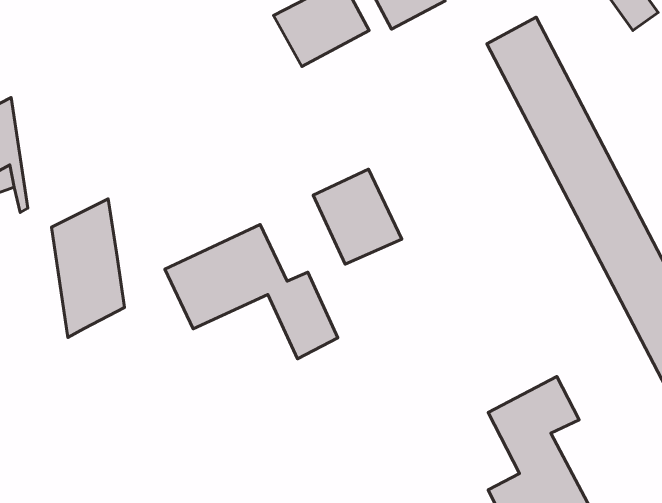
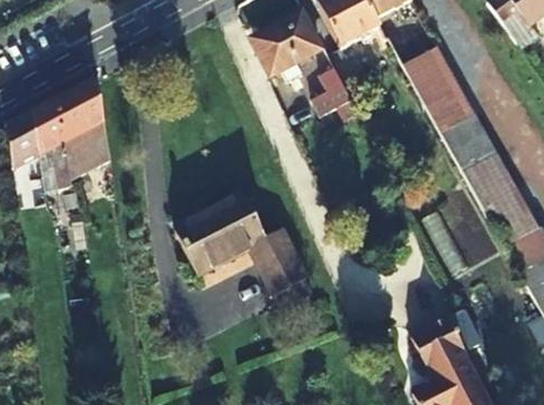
building: none -> [308,55,345,108]
building: [313,169,402,264] -> none
building: [51,199,125,337] -> [56,80,110,183]

